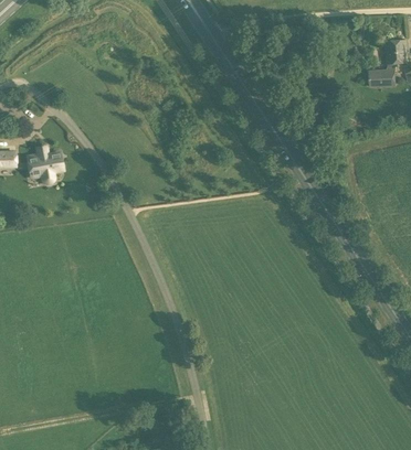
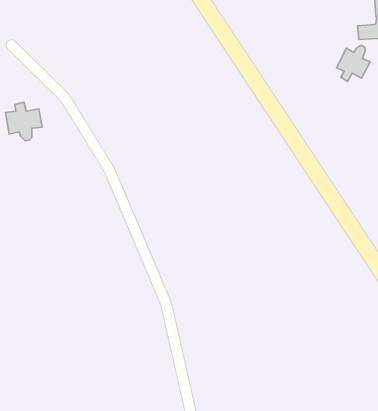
building: none -> [336,45,370,81]

